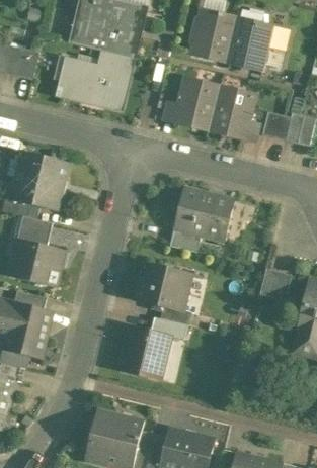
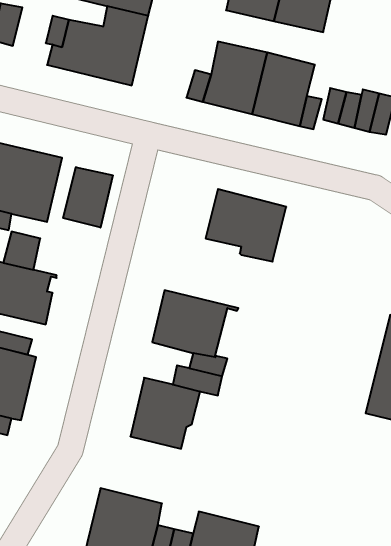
building: none -> [63,167,113,228]
building: [169,222,201,252] -> none
building: [259,268,291,300] -> none

